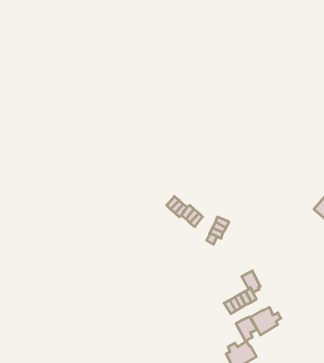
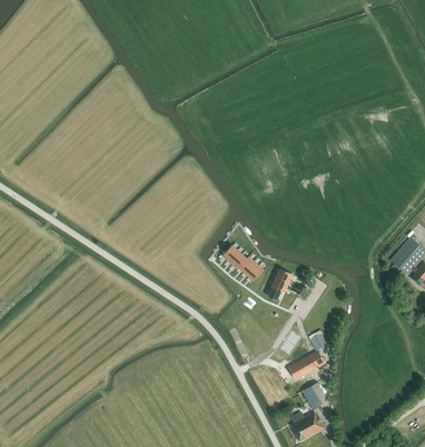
building: [251,307,281,335] -> none

